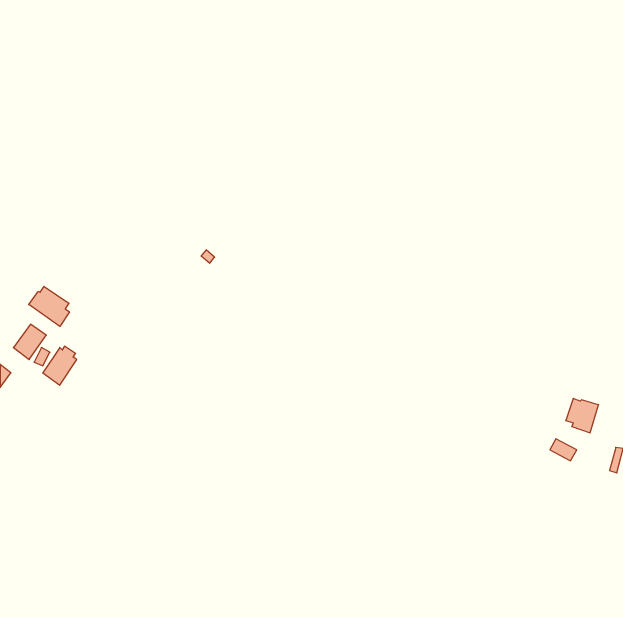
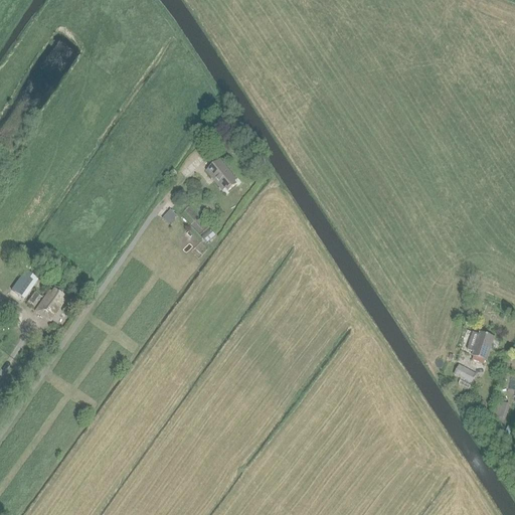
building: none -> [207,158,235,188]
building: [29,286,69,326] -> none

